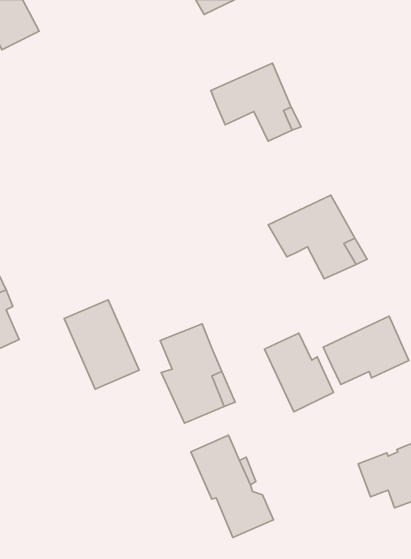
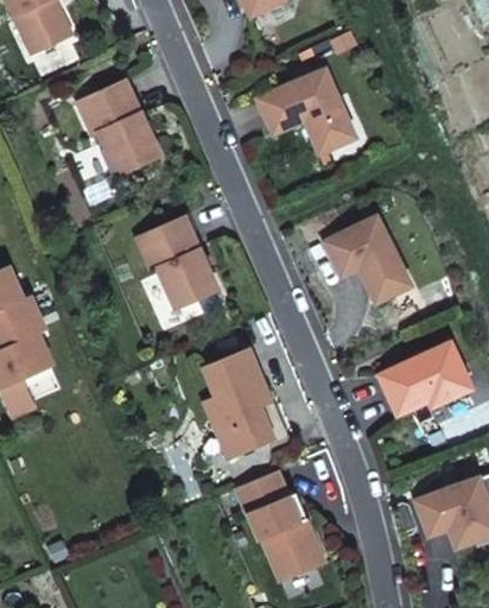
building: none -> [77,81,158,176]
building: [64,300,139,389] -> [135,216,216,312]
building: [264,333,334,412] -> none

